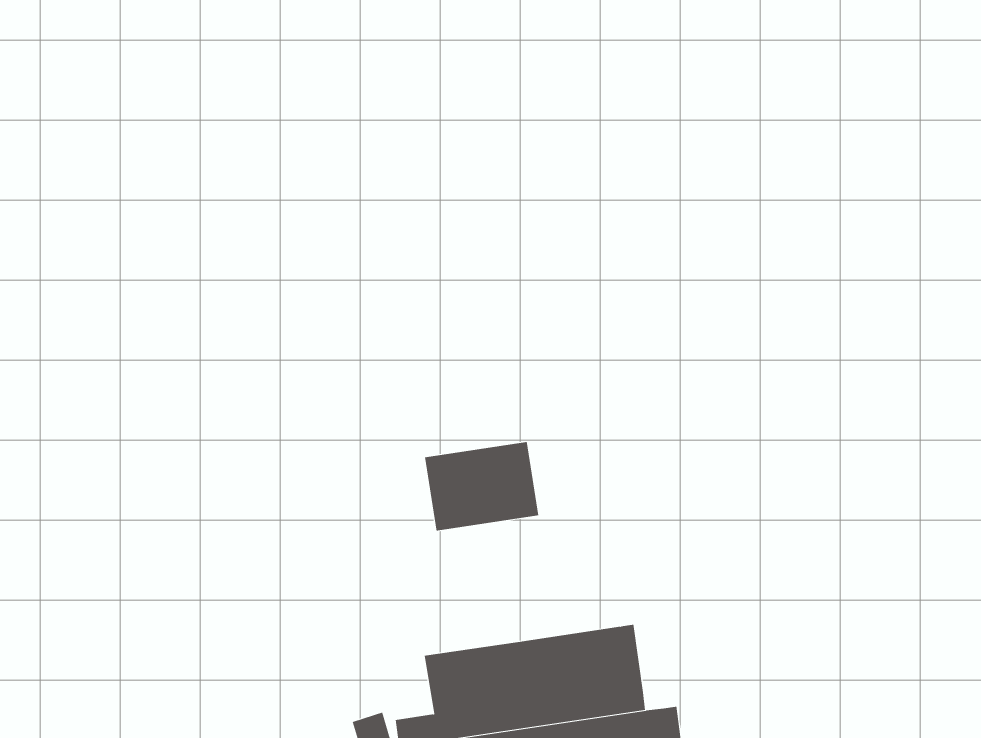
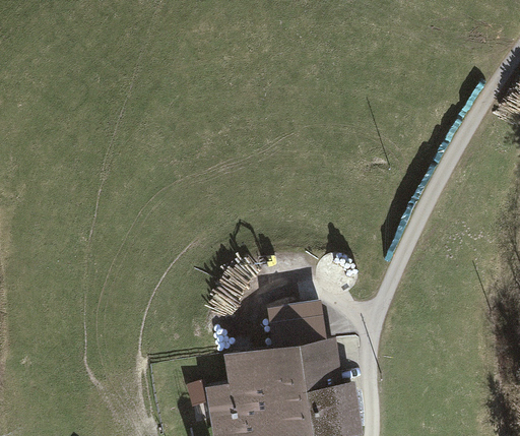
building: [424,441,539,531] -> [265,301,325,348]

